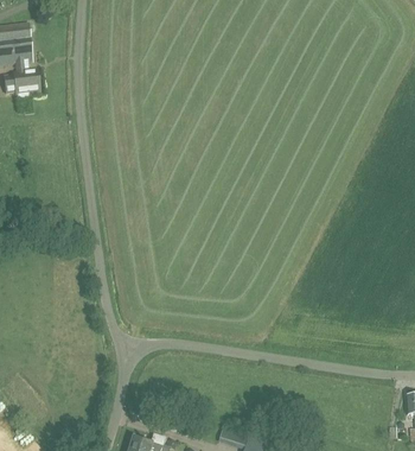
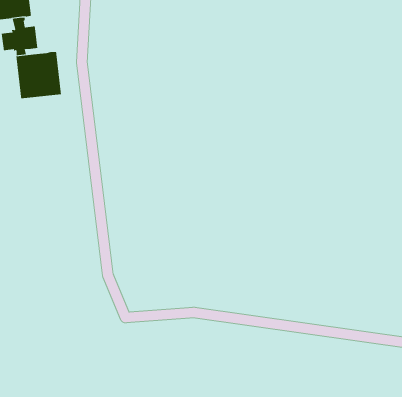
building: none -> [16,51,61,99]

